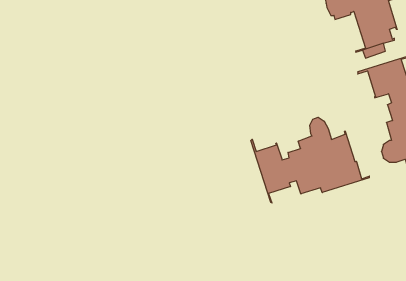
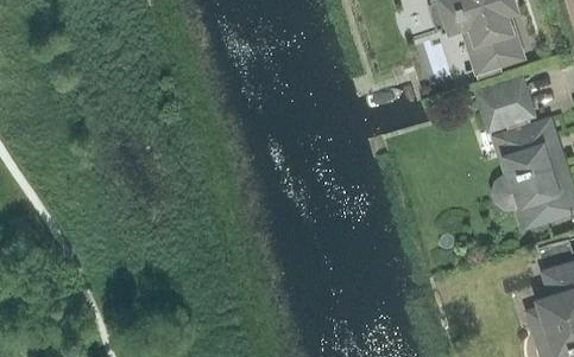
building: [251,117,369,203] -> none

